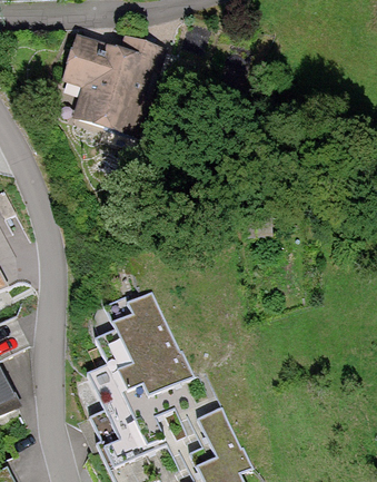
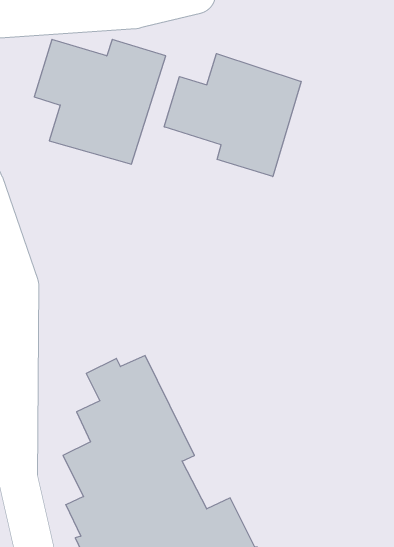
building: none -> [164,54,301,177]

